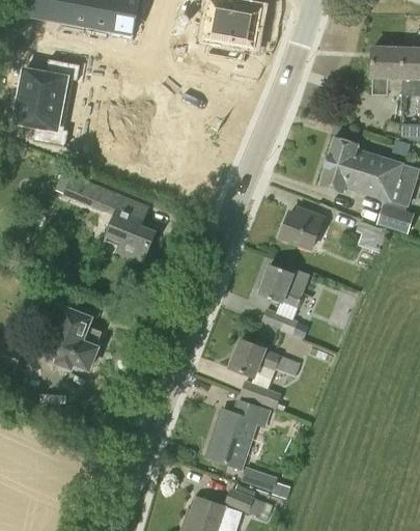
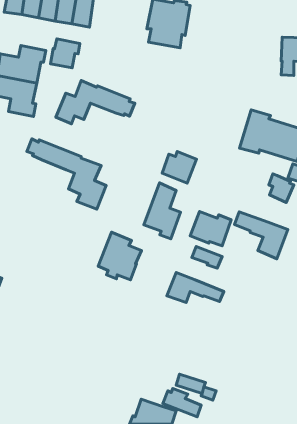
building: none -> [51,39,80,68]
building: none -> [56,81,135,124]
building: [280,208,323,248] -> [162,152,196,183]
building: none -> [144,183,181,239]
building: none -> [234,212,288,259]
building: [48,308,102,367] -> [98,232,141,280]
building: [239,379,281,408] -> none
building: [204,401,268,474] -> none

